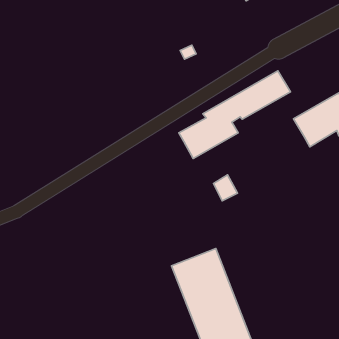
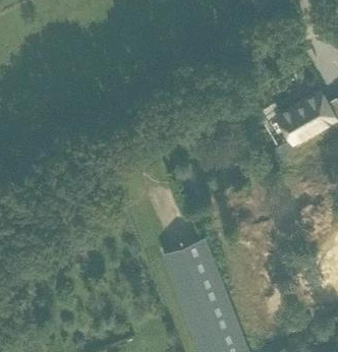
building: [179,71,291,158] -> none

